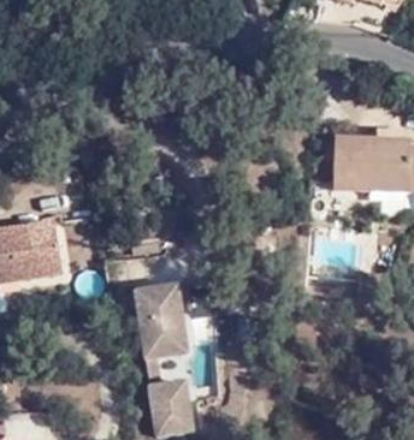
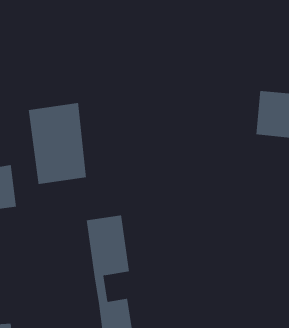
building: none -> [28,102,86,185]

